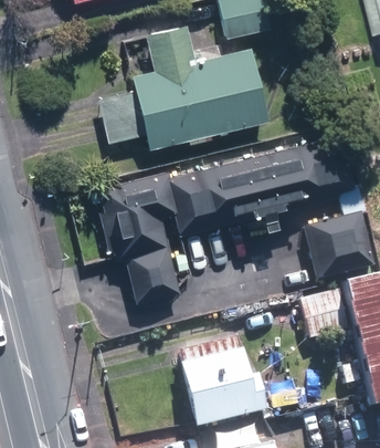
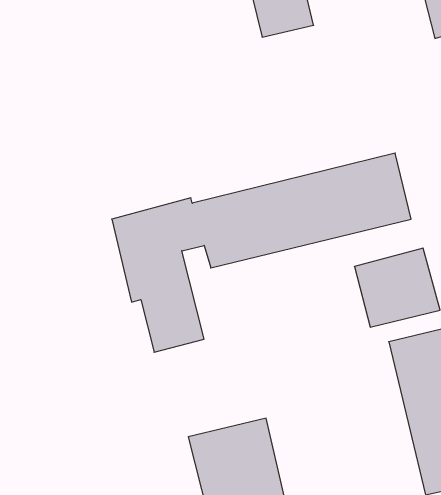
building: [104,25,268,147] -> none

